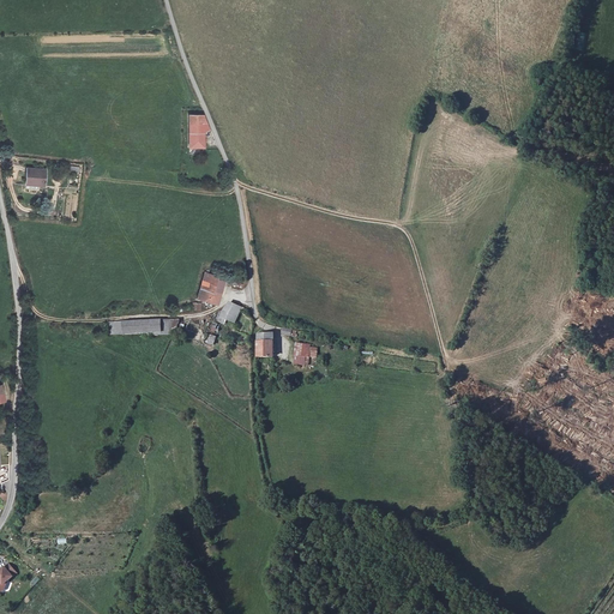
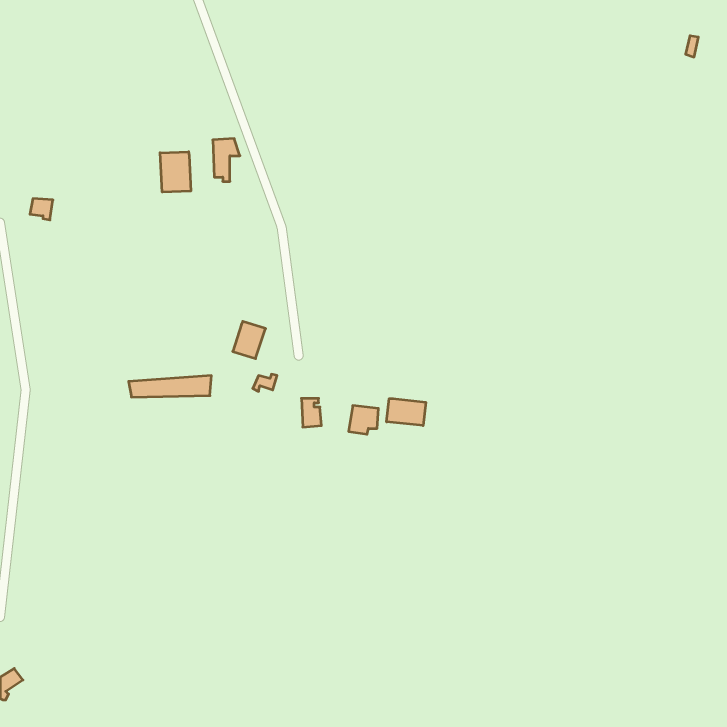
building: none -> [160,152,191,192]
building: none -> [387,399,426,426]

